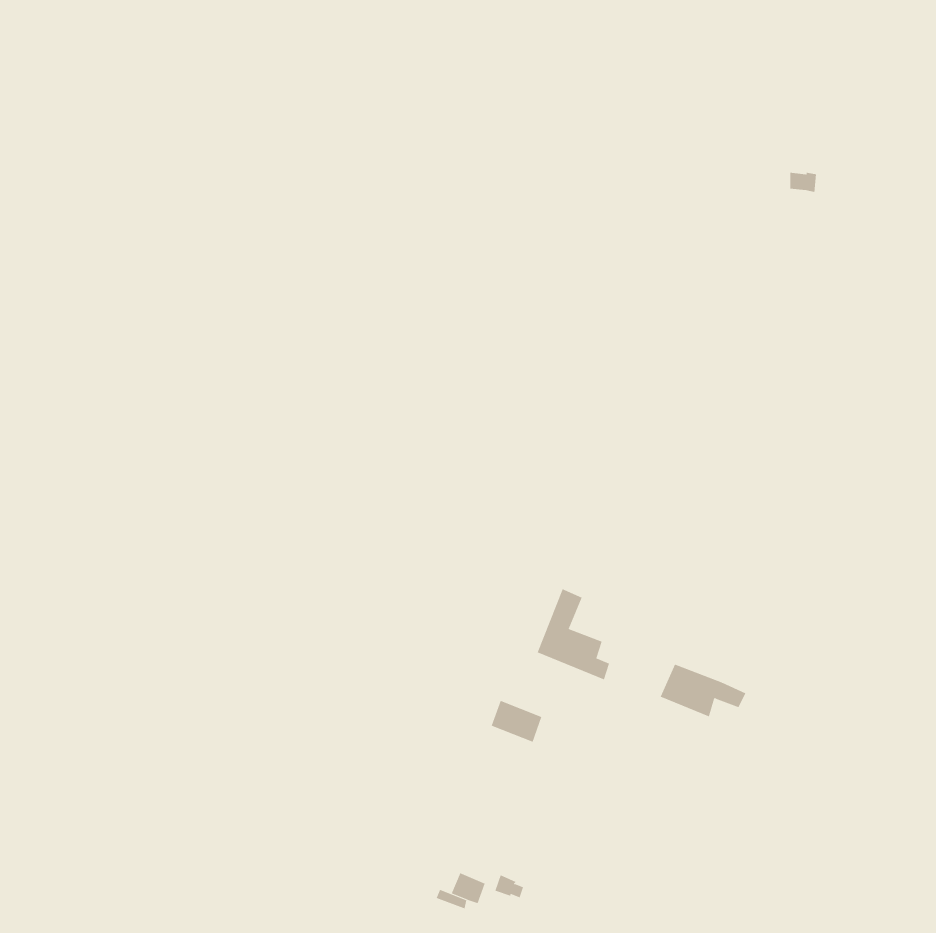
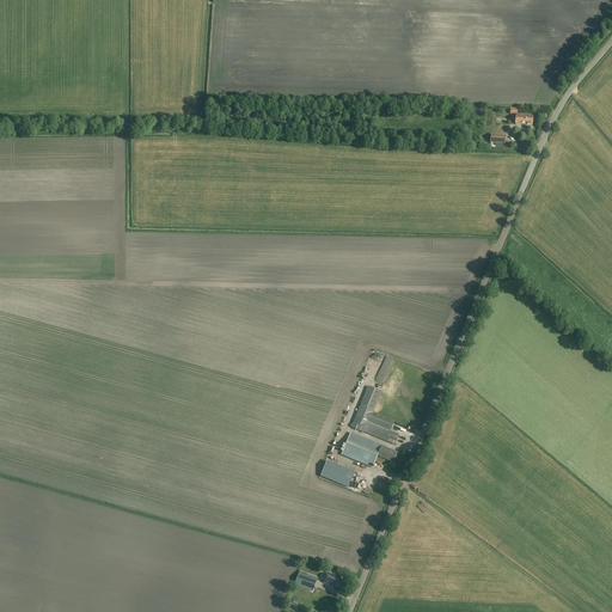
building: [660,664,746,717] -> [341,432,397,466]

